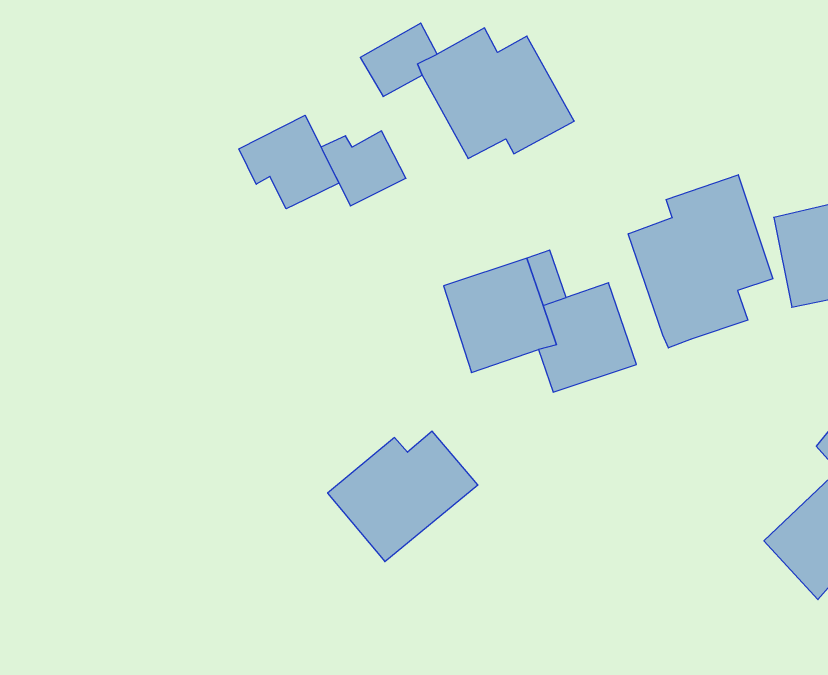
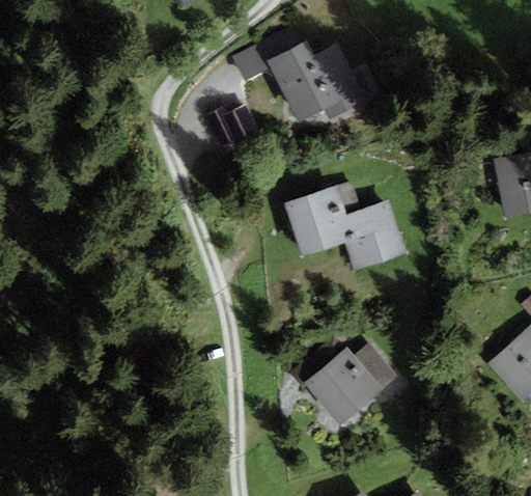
building: [239,115,339,209] -> none
building: [628,175,773,348] -> none
building: [328,431,478,562] -> [304,342,399,425]

